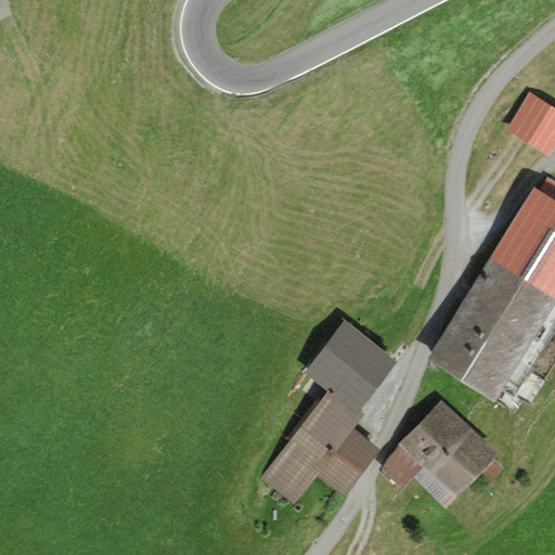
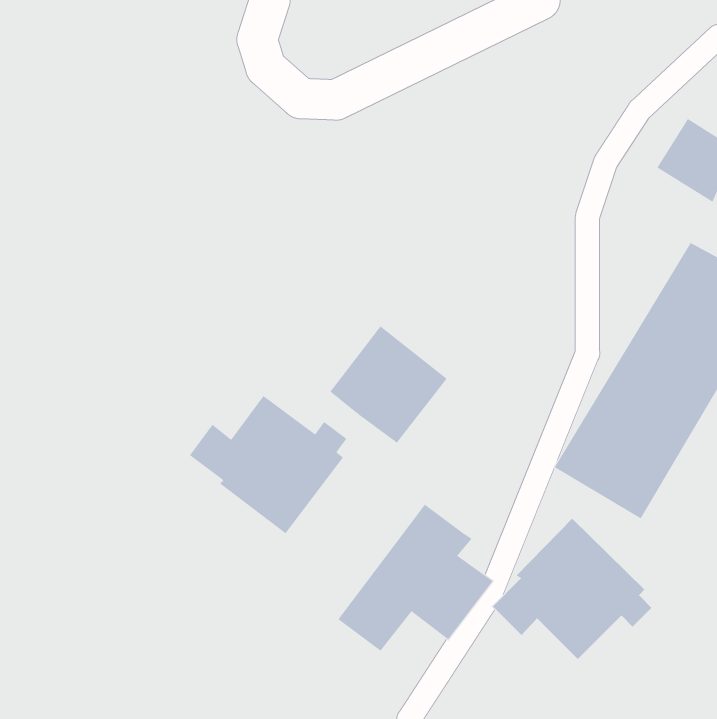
building: none -> [189,395,347,534]
building: [307,320,398,411] -> [330,325,448,444]

